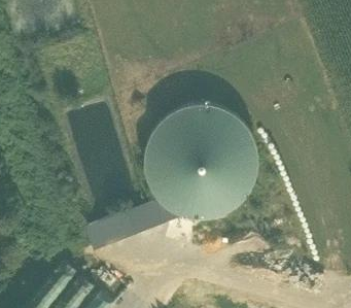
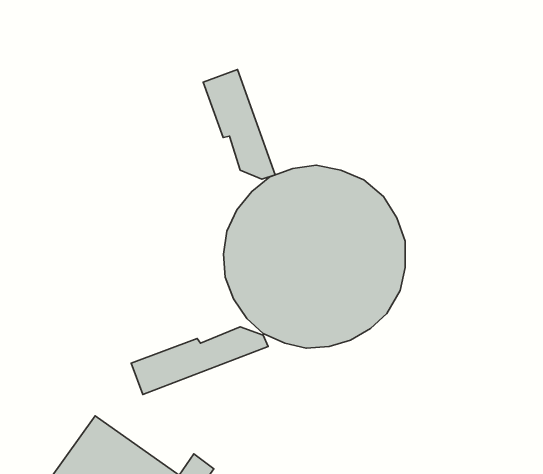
building: none -> [203,70,275,179]

